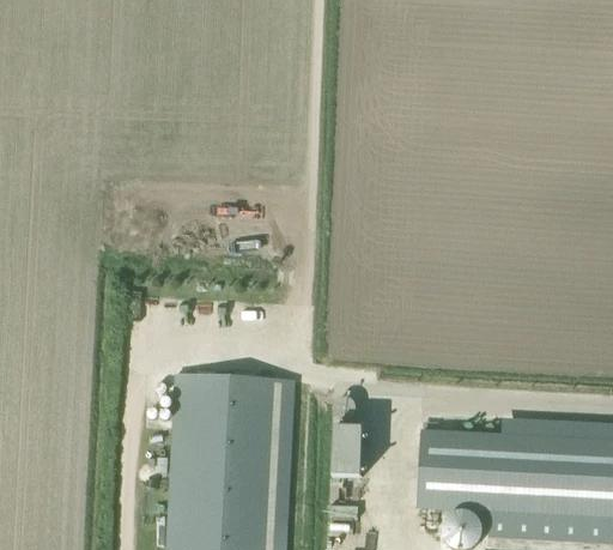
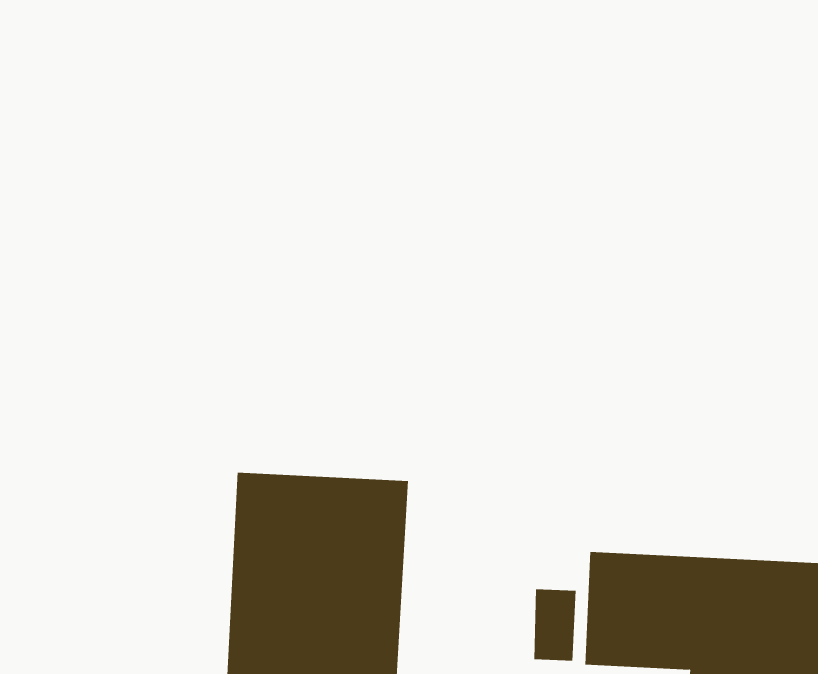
building: [333,427,363,477] -> [534,589,577,661]

